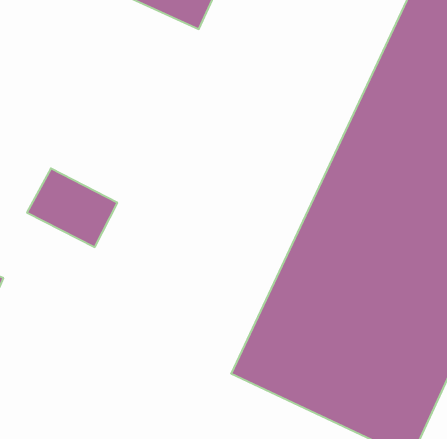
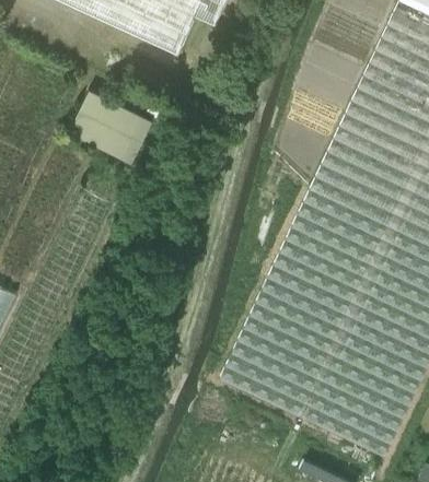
building: [27,168,117,247] -> [69,90,152,162]

